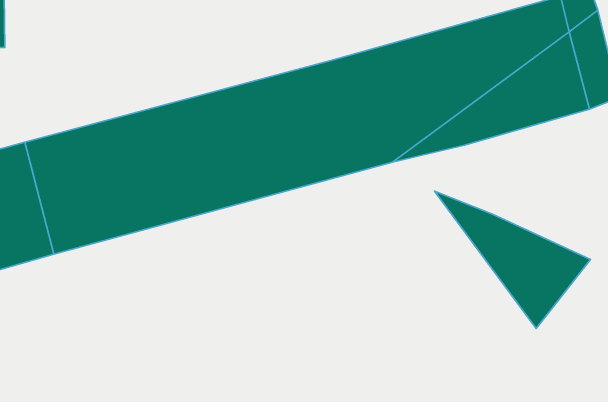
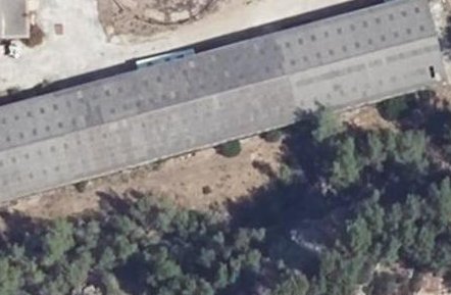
building: [435,191,590,329] -> none

